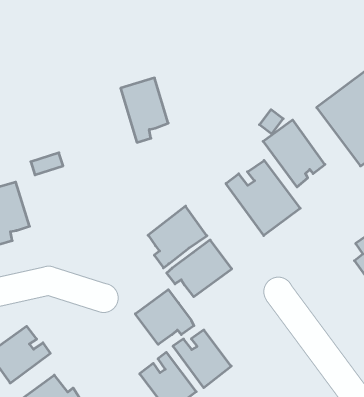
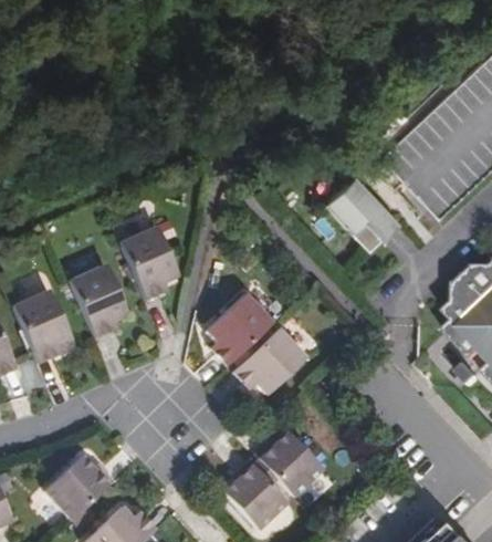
building: [121,78,168,142] -> [121,226,180,302]
building: [226,160,300,236] -> none
building: none -> [71,265,128,338]
building: [135,290,194,344] -> none

